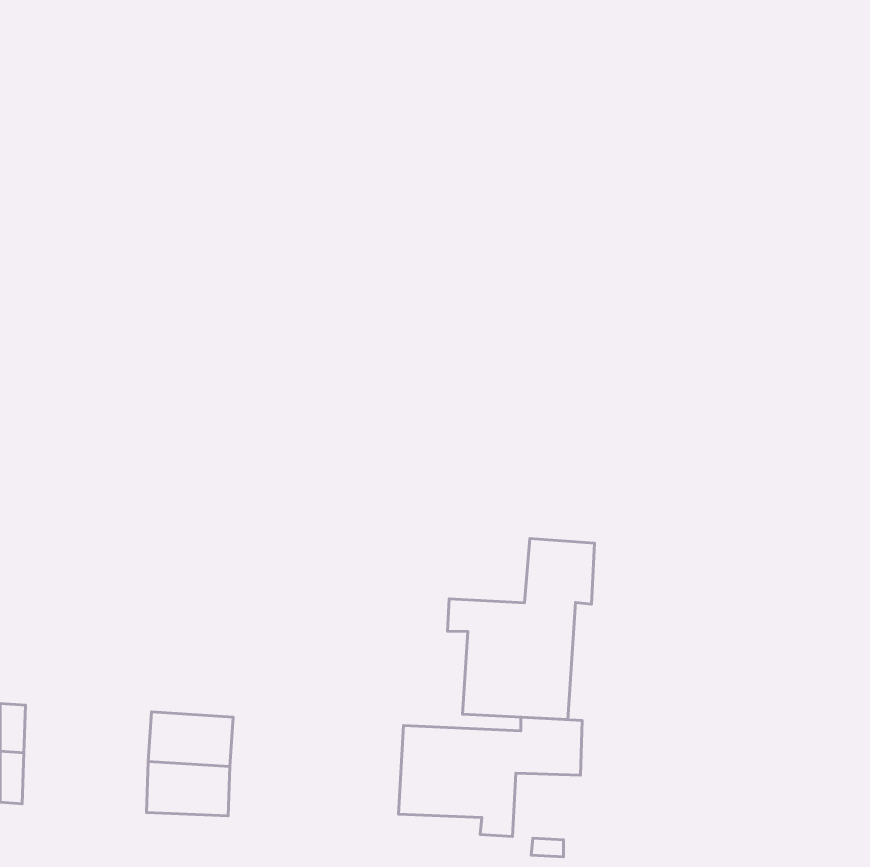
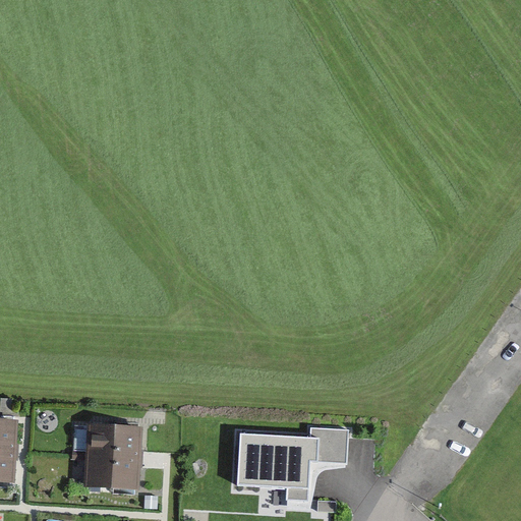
building: [448,539,594,719] -> none

